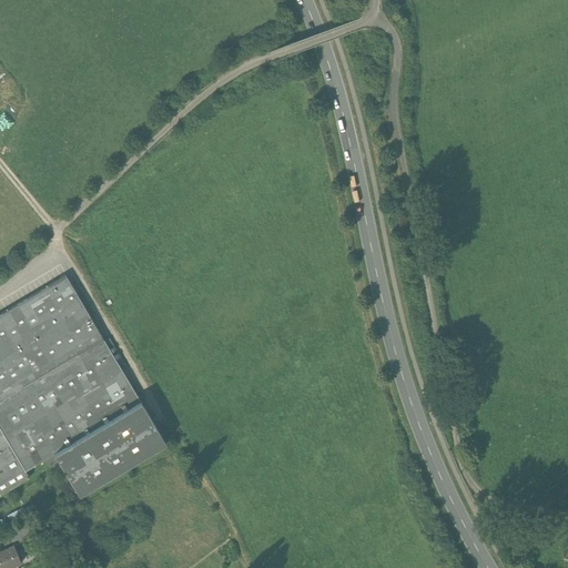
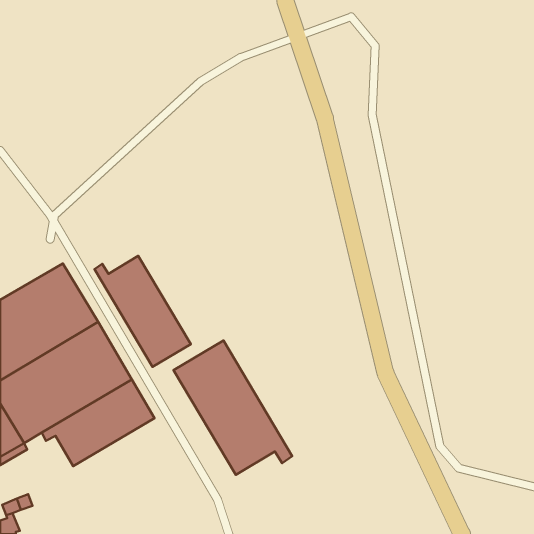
building: none -> [95,256,191,367]
building: none -> [173,340,292,475]

